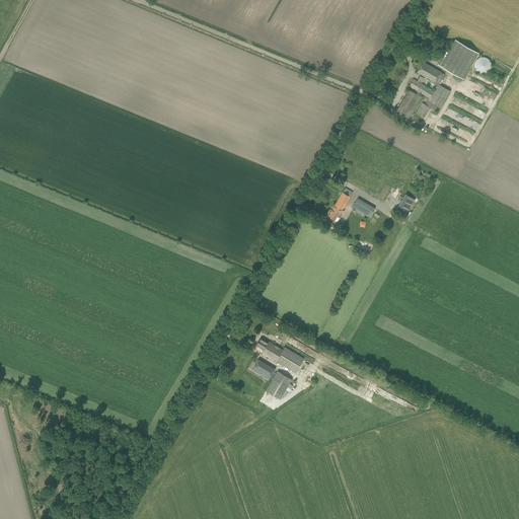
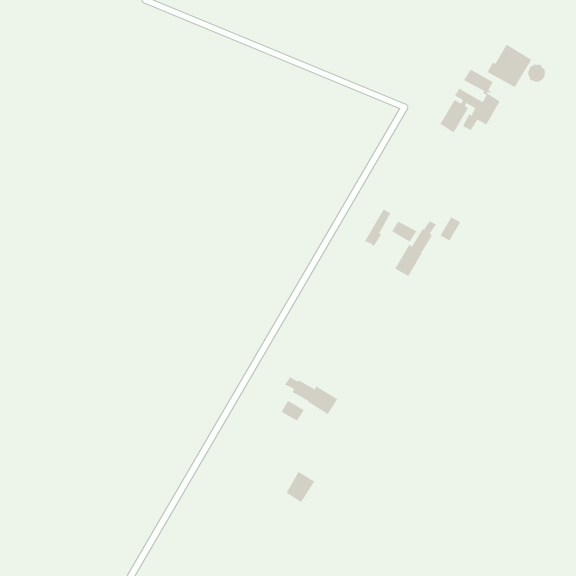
building: none -> [394,220,437,277]
building: [266,371,292,399] -> [286,471,315,503]

